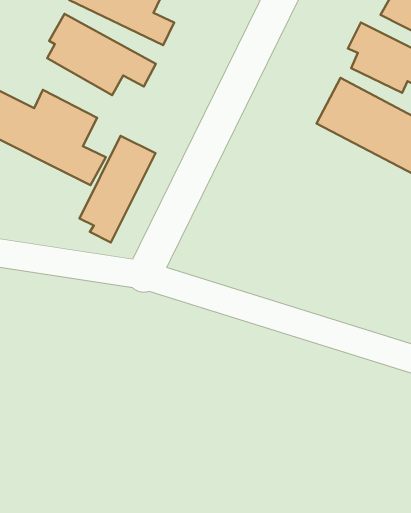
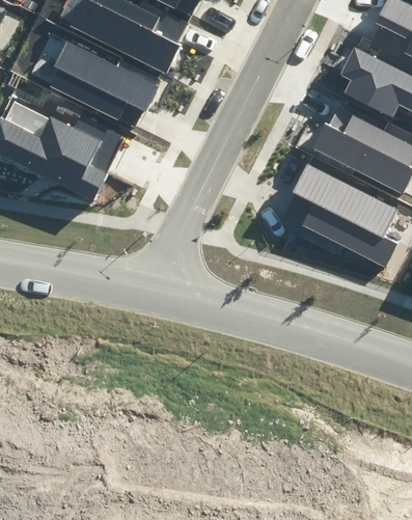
building: [79,136,155,242] -> none
building: none -> [277,164,397,268]

